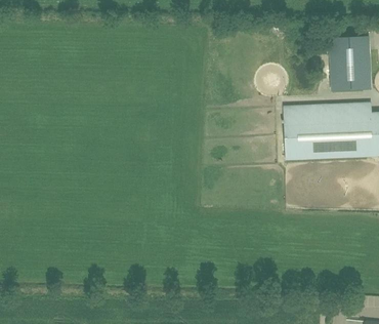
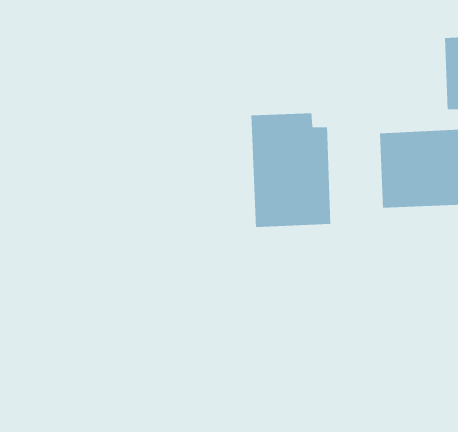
building: none -> [251,113,331,228]

